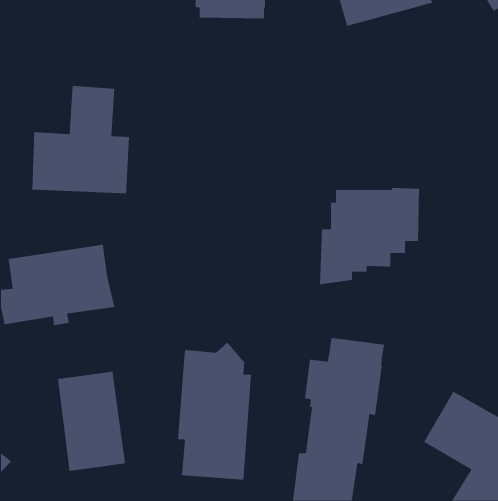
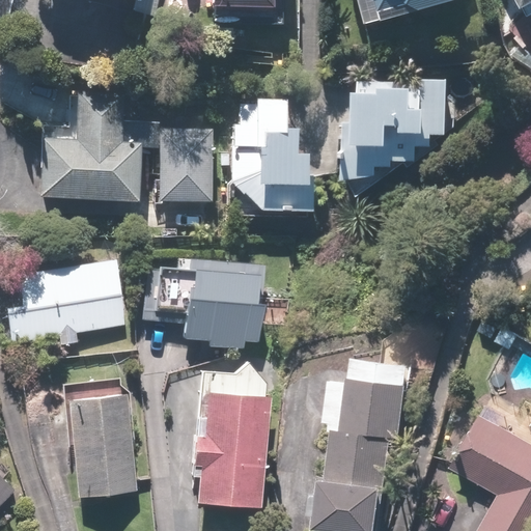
building: none -> [229,102,312,215]
building: none -> [159,129,214,203]
building: [319,188,420,285] -> [345,80,451,183]
building: none -> [141,257,260,346]

